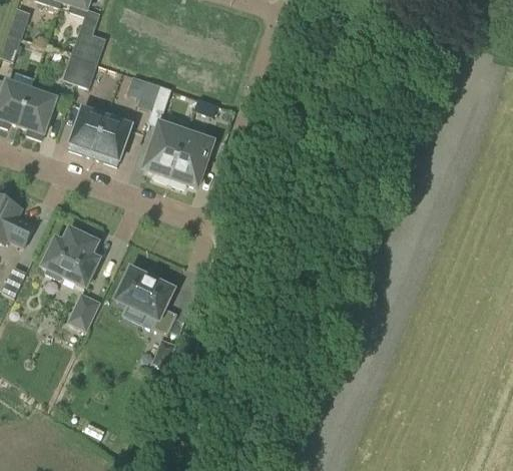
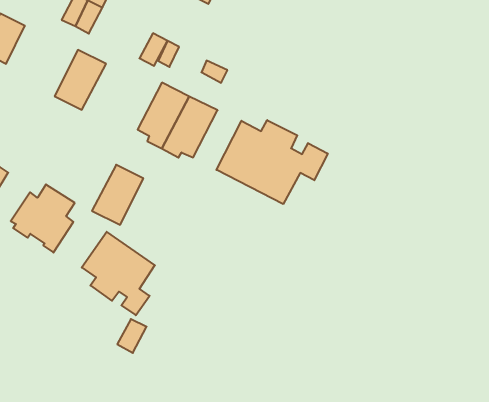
building: [18,88,55,138] -> none
building: [91,112,133,165] -> [92,165,143,225]
building: none -> [216,120,328,204]
building: [65,291,99,330] -> none

